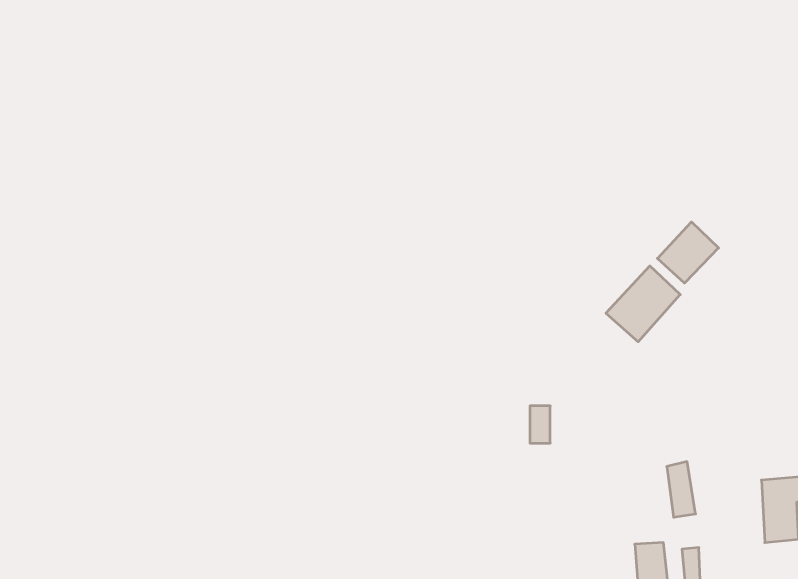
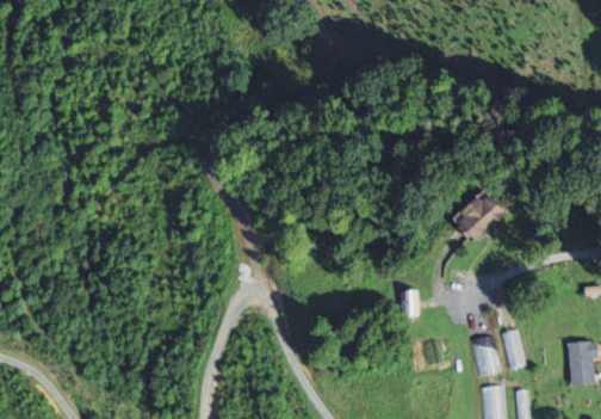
building: [657,222,719,283] -> none
building: none -> [470,334,498,376]

